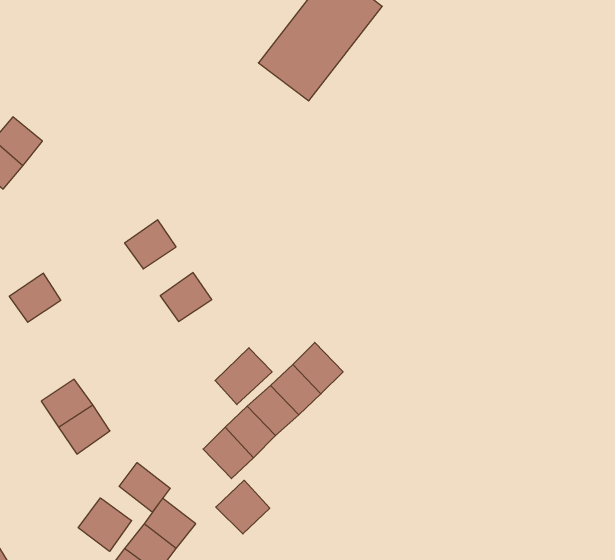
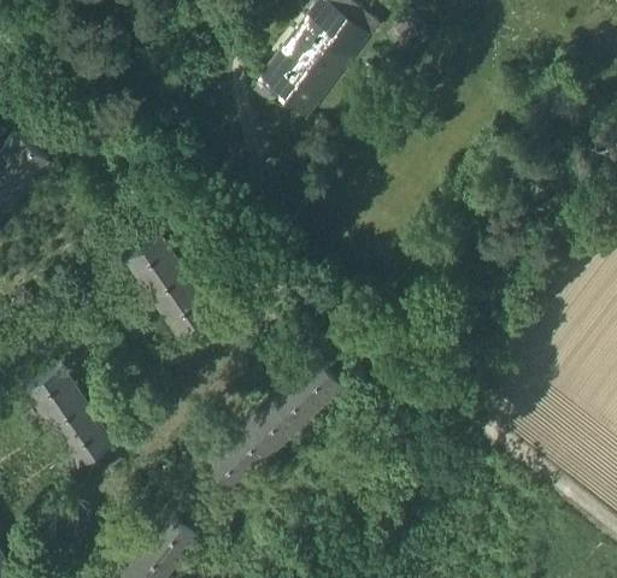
building: none -> [143,265,193,313]
building: [9,273,61,322] -> [25,368,76,417]
building: [215,348,272,405] -> none
building: [119,463,170,512] -> none
building: [216,480,270,534] -> none
building: [78,498,132,551] -> none

